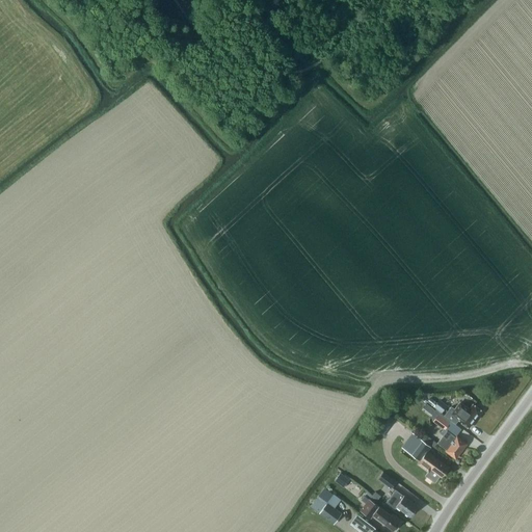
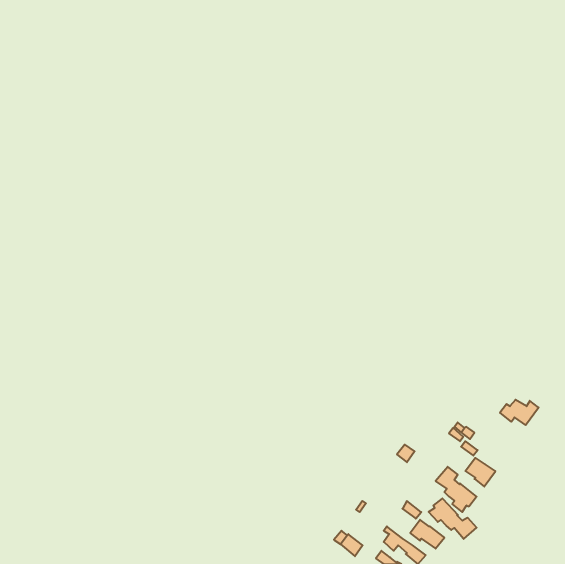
building: [445,402,481,426] -> [500,400,539,425]
building: none -> [429,498,477,539]

